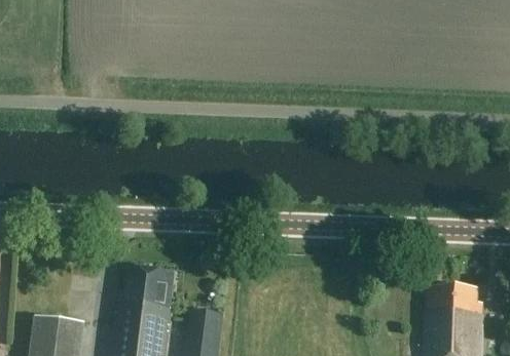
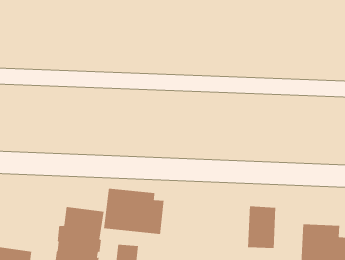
building: none -> [104,188,164,235]
building: none -> [248,206,276,249]

